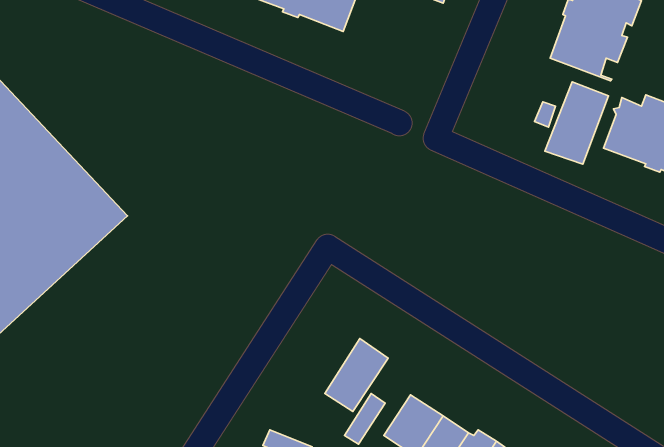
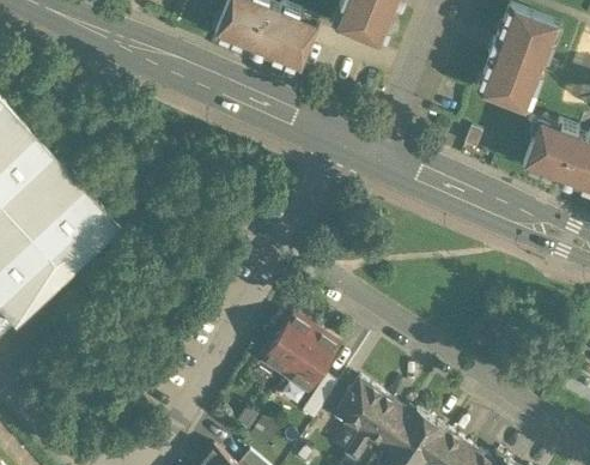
building: [545,82,609,164] -> none
building: none -> [261,315,315,378]

